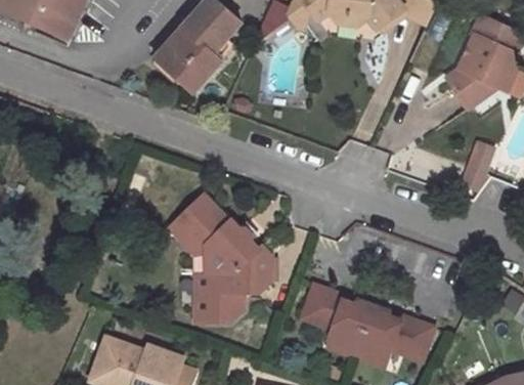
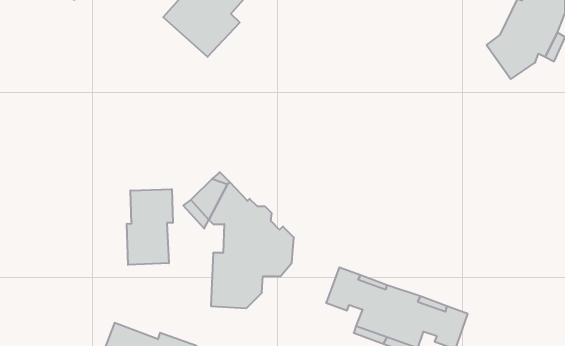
building: [460,138,495,191] -> none
building: none -> [127,189,173,265]

